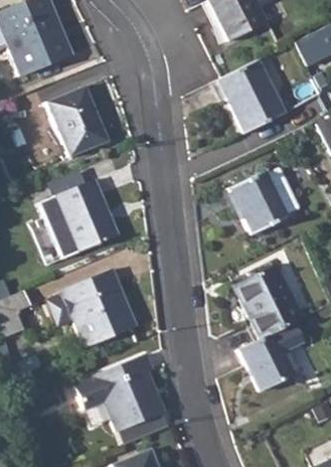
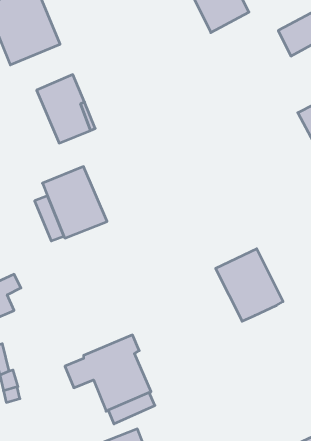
building: [217,59,284,133] -> none
building: [228,167,299,235] -> none
building: [48,271,137,347] -> none
building: [239,323,304,391] -> none

